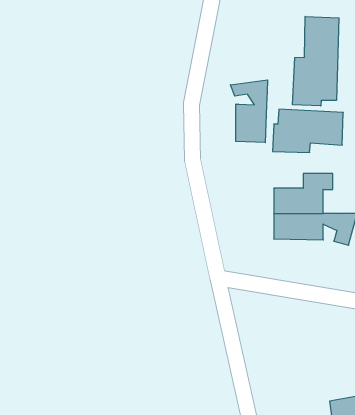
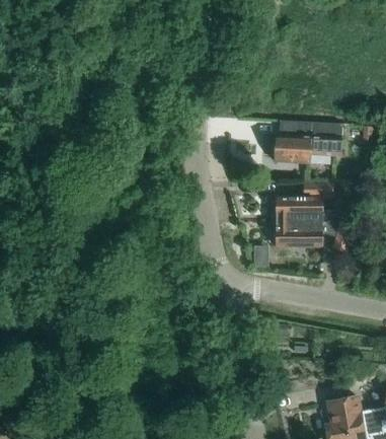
building: [293,16,339,106] -> none
building: [230,80,268,143] -> none

